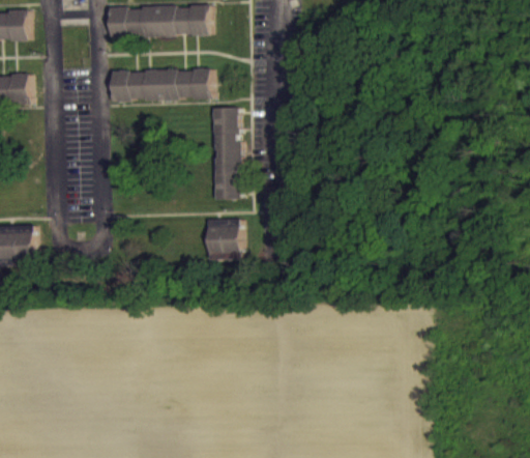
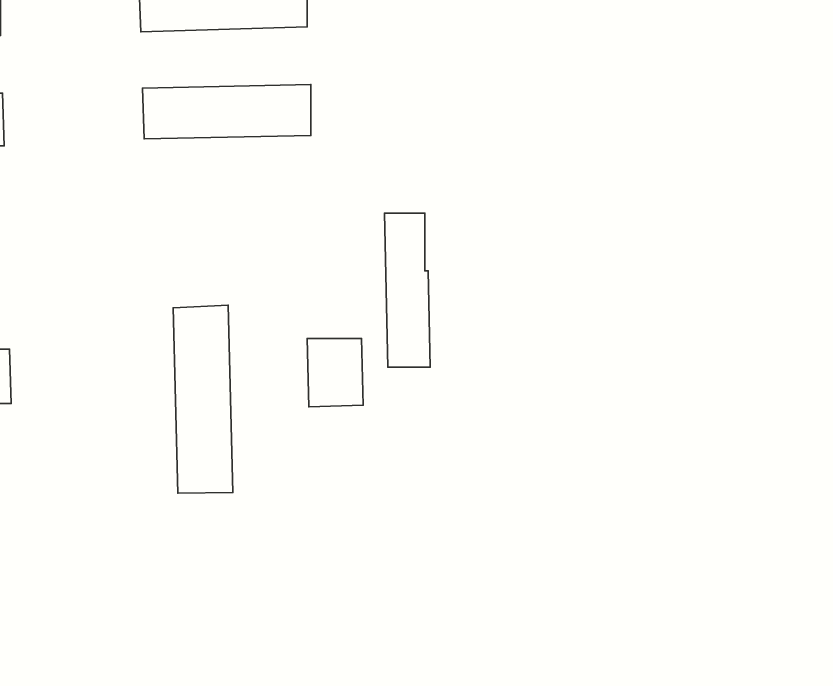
building: [213,108,240,199] -> [384,213,430,367]
building: none -> [173,305,233,493]

